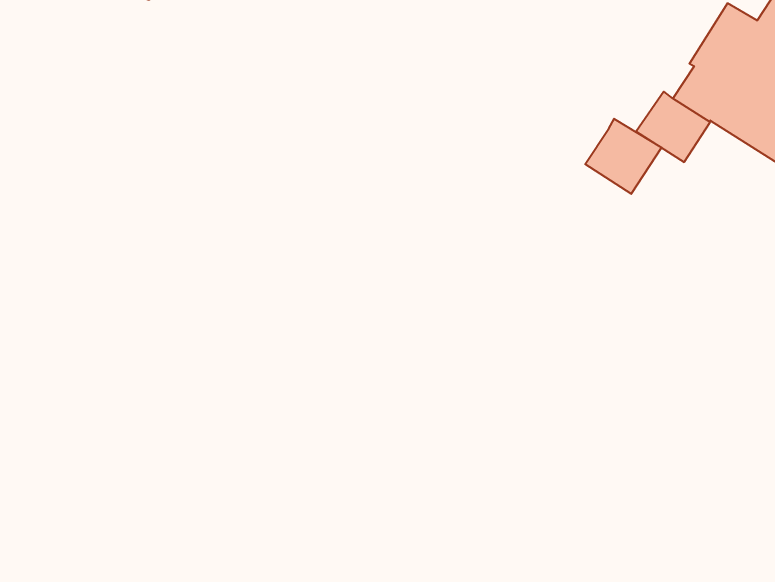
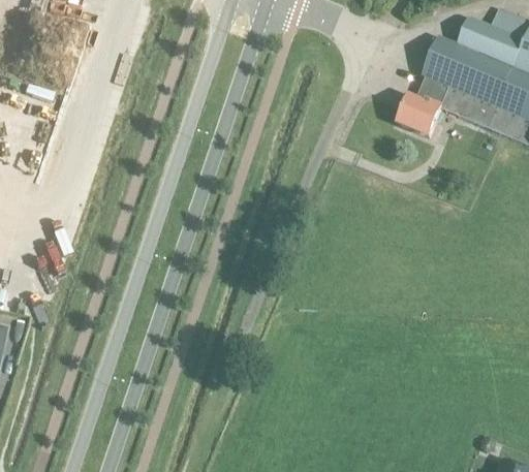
building: [585,119,661,194] -> none

